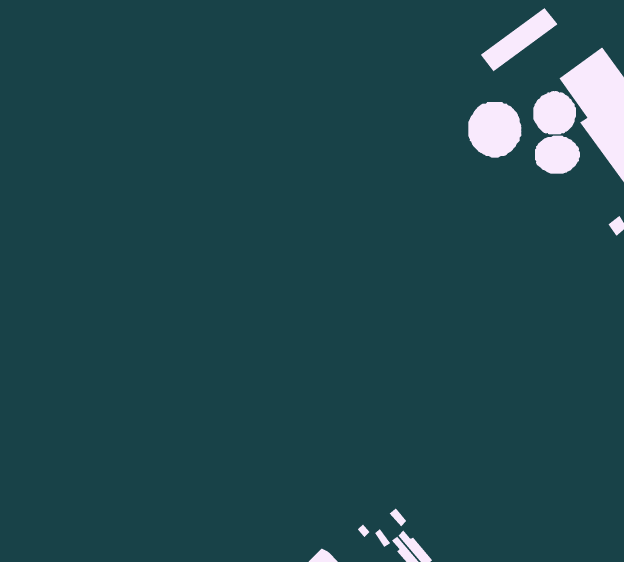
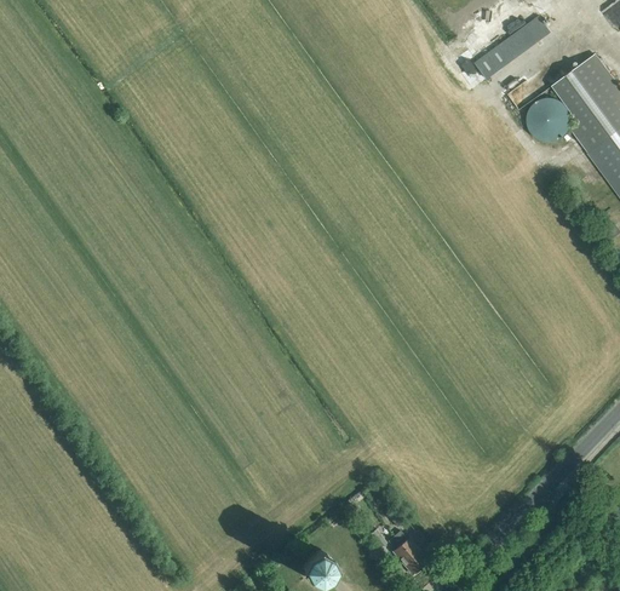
building: [468,101,522,159] -> none
building: [534,135,581,174] -> none

